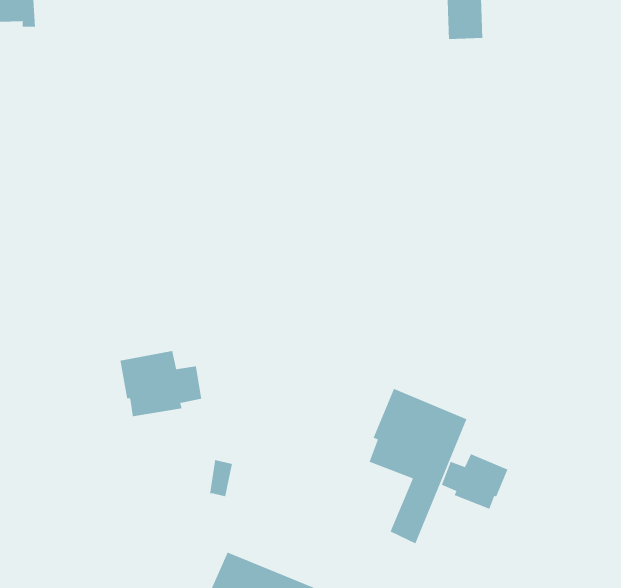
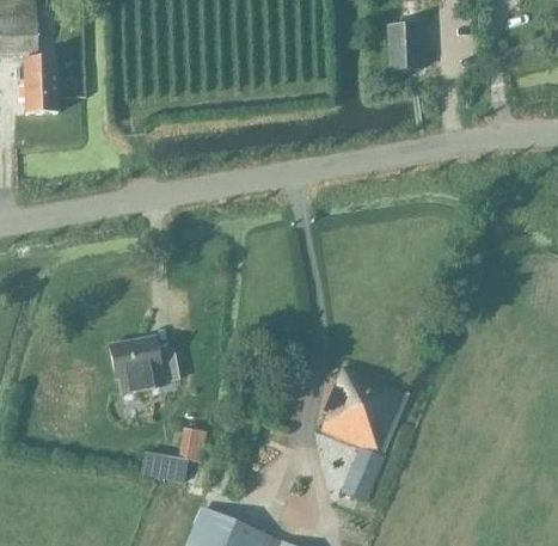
building: none -> [25,60,56,114]
building: [441,453,508,510] -> none
building: none -> [139,452,189,481]

